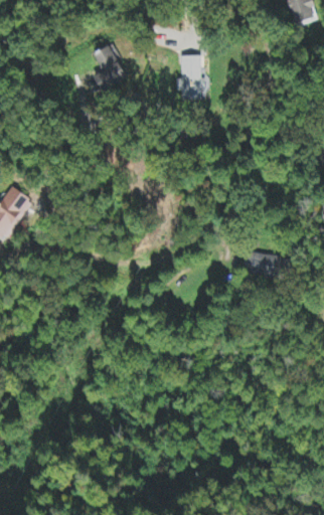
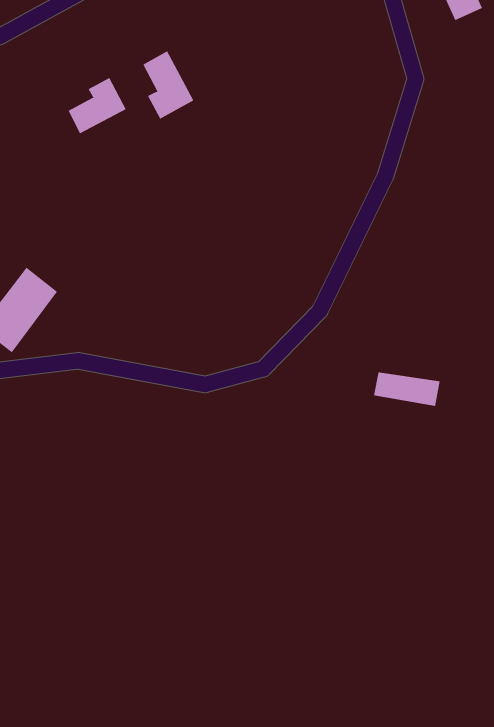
building: [177,54,203,99] -> none
building: none -> [68,77,126,134]

